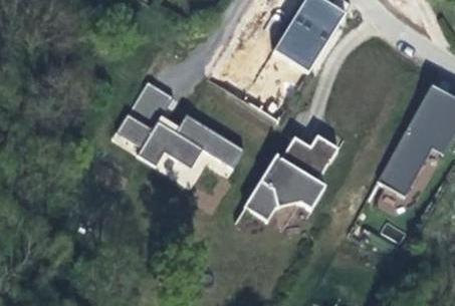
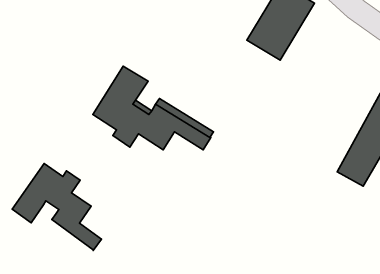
building: [245,138,338,224] -> none
building: none -> [12,163,101,251]

